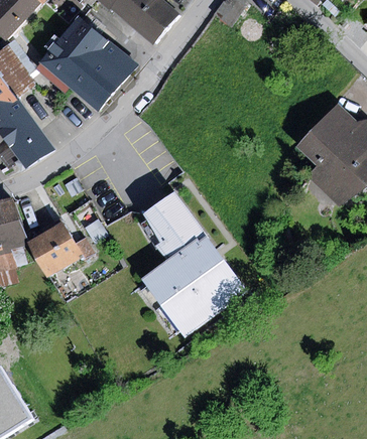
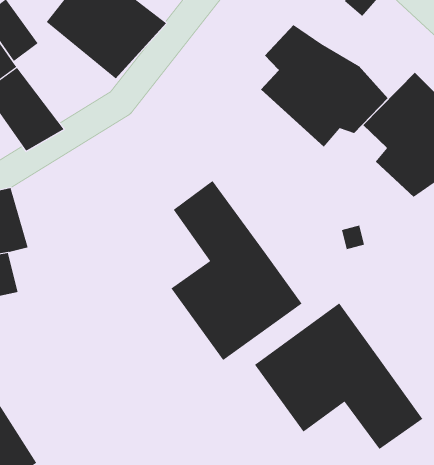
building: none -> [260,24,389,147]
building: [26,222,94,278] -> none
building: none -> [254,303,423,450]

